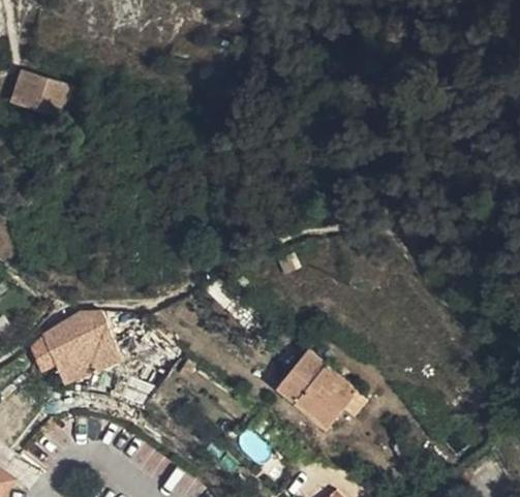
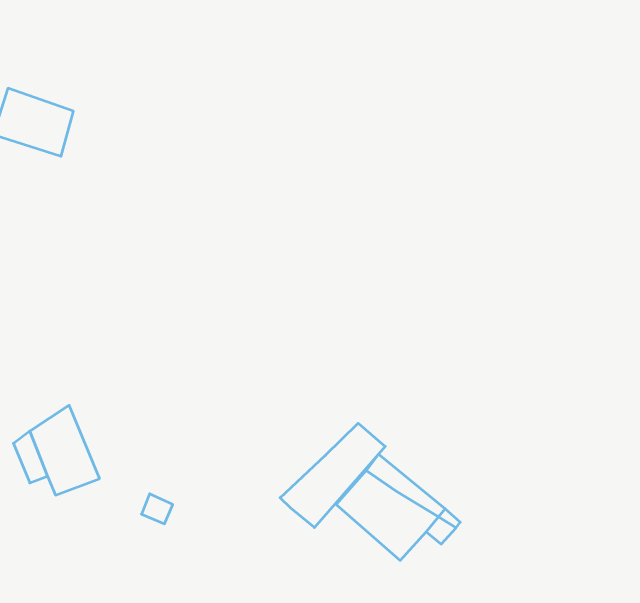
building: [71,309,119,367] -> none
building: none -> [280,423,385,528]

